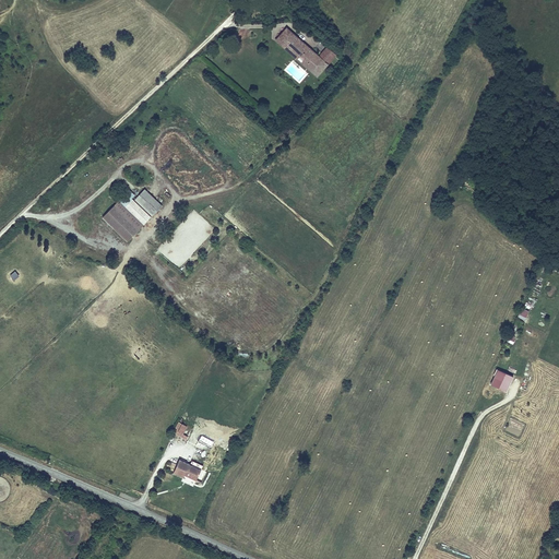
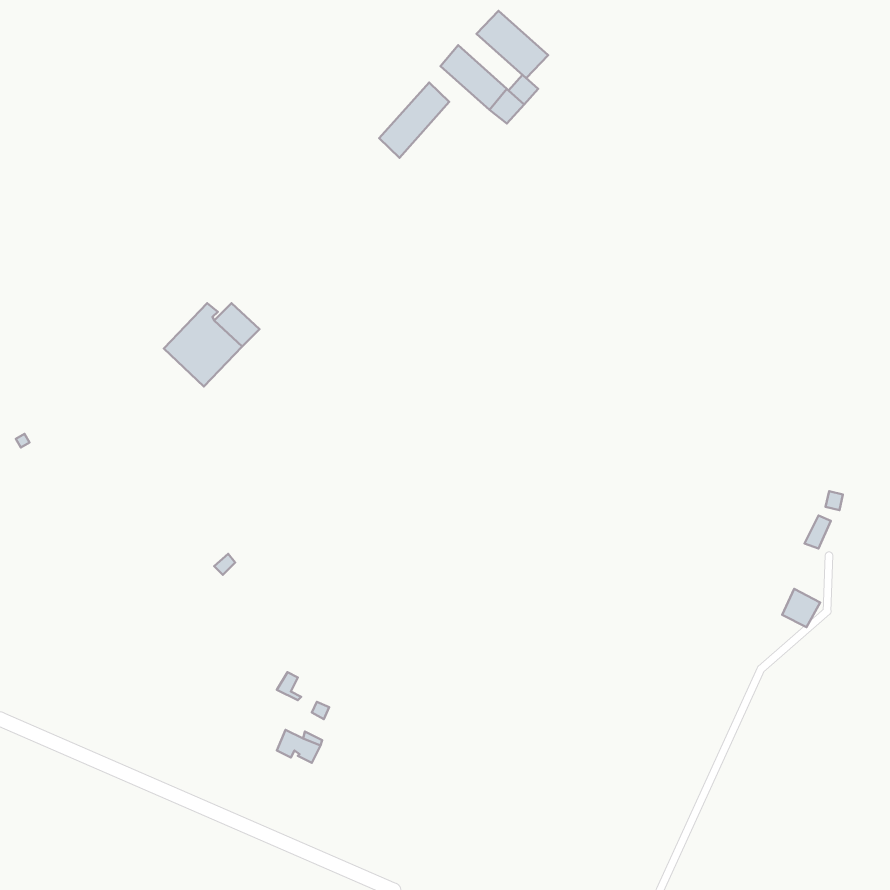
building: none -> [477,11,548,78]
building: none -> [379,83,449,158]

